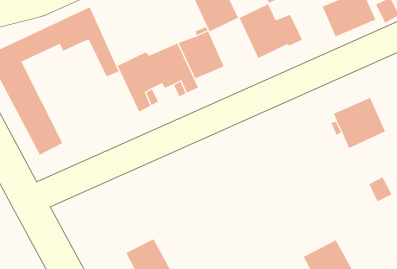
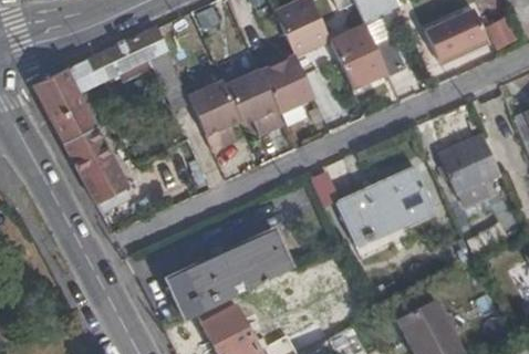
building: none -> [338,168,434,244]
building: none -> [164,228,291,321]

